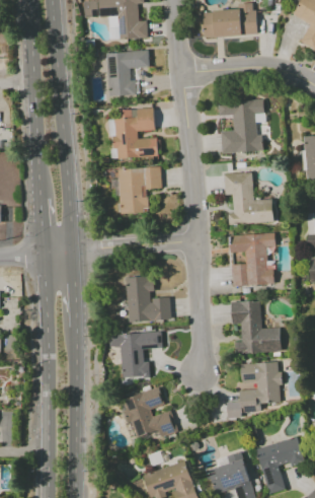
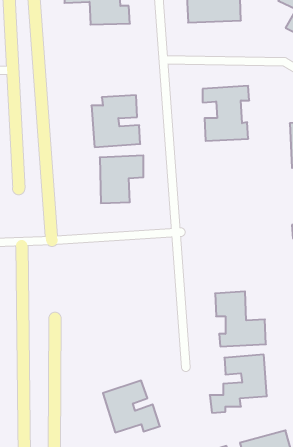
building: [106,50,149,95] -> none
building: [225,171,273,223] -> none
building: [230,232,275,285] -> none
building: [127,275,170,322] -> none
building: [109,332,162,377] -> none

